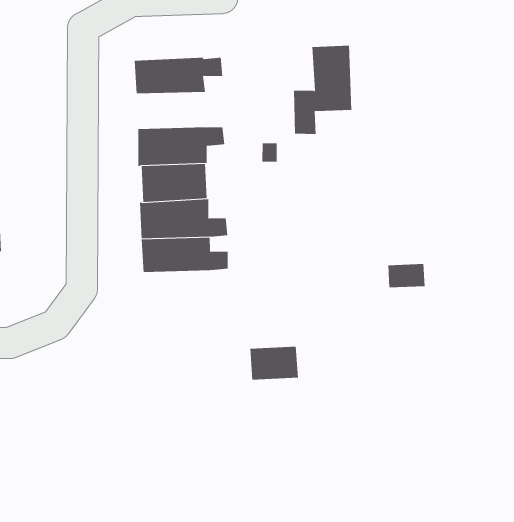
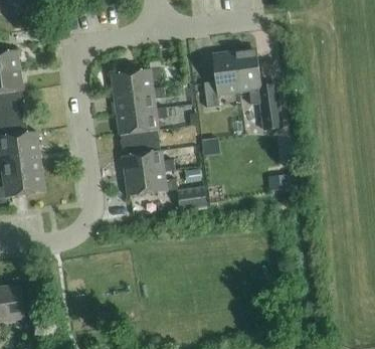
building: none -> [233,50,282,129]
building: none -> [113,86,164,114]
building: [249,346,299,380] -> [176,188,206,210]

